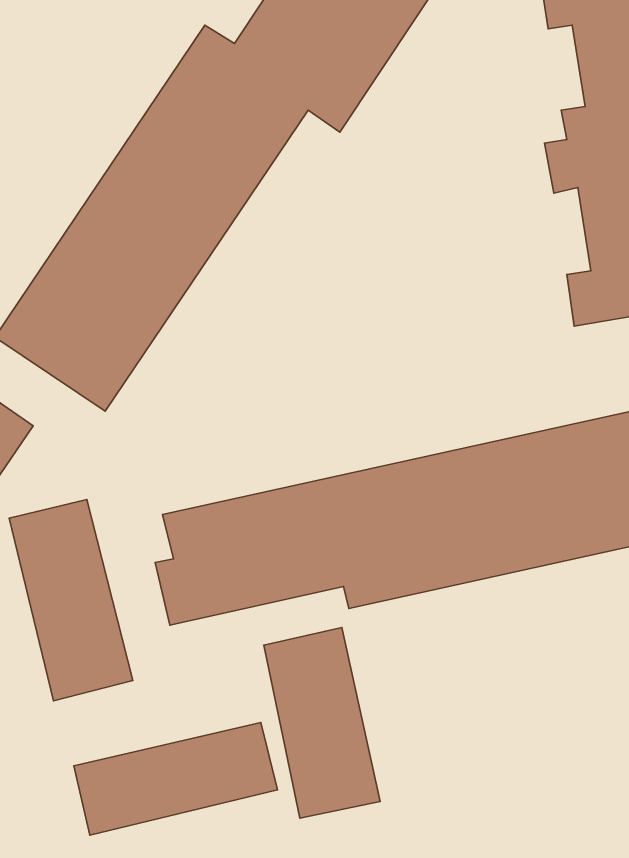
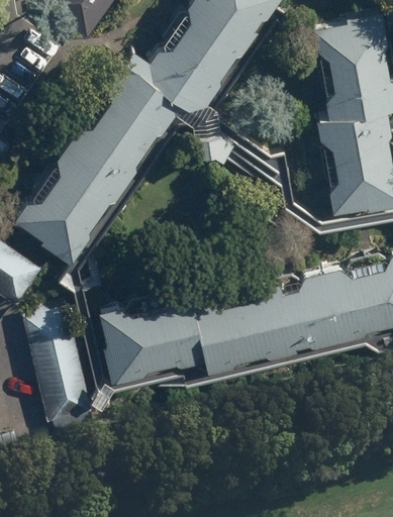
building: [264,628,380,818] -> none
building: [74,723,277,835] -> none

